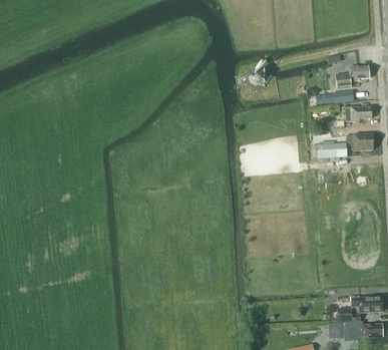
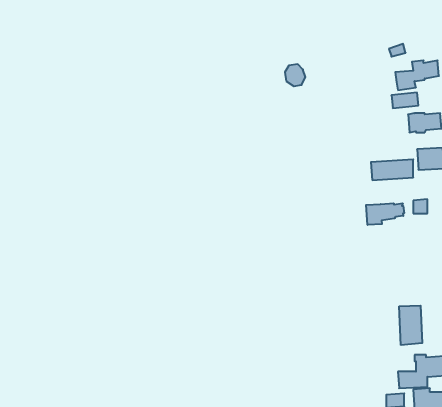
building: none -> [366,203,404,225]
building: none -> [399,306,422,345]

